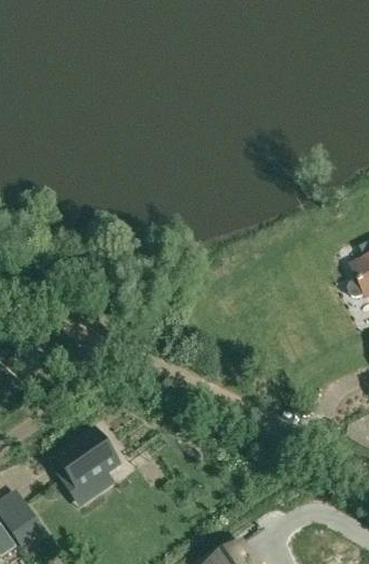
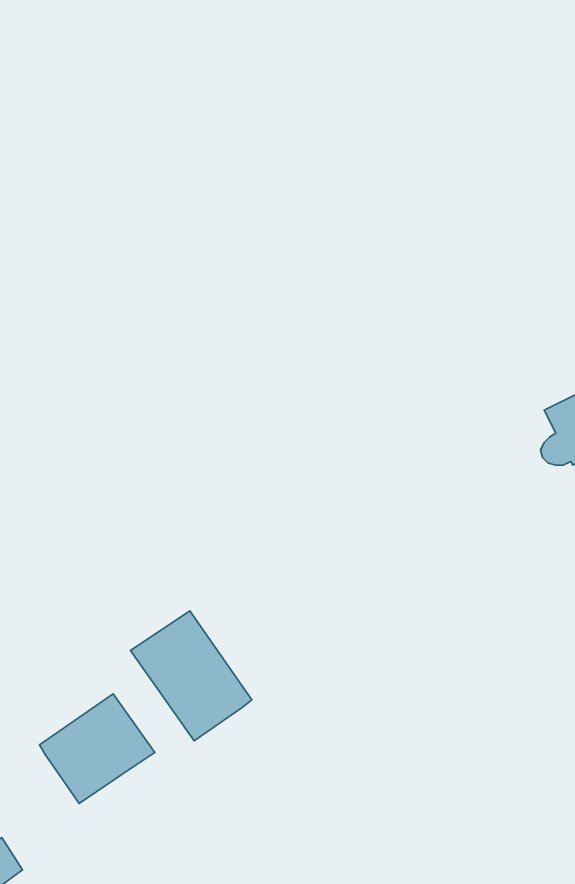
building: none -> [130,611,252,741]

